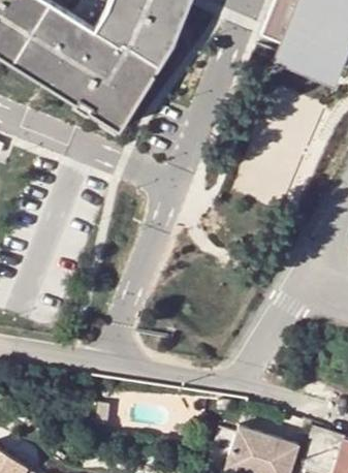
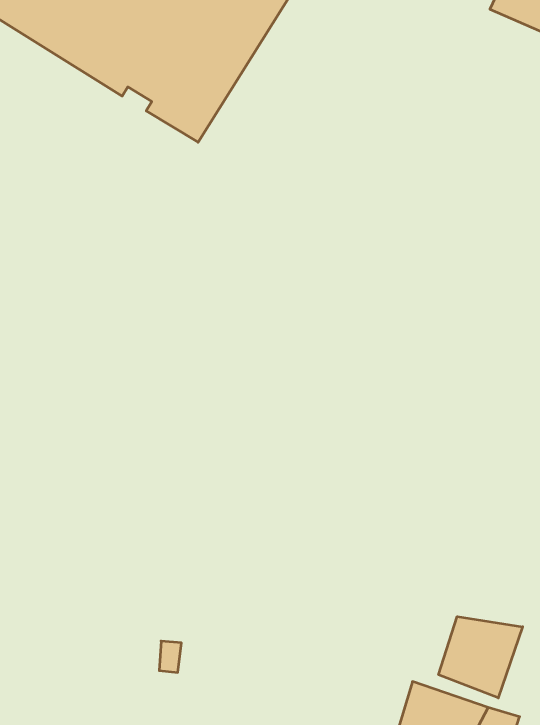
building: none -> [439,617,523,698]

